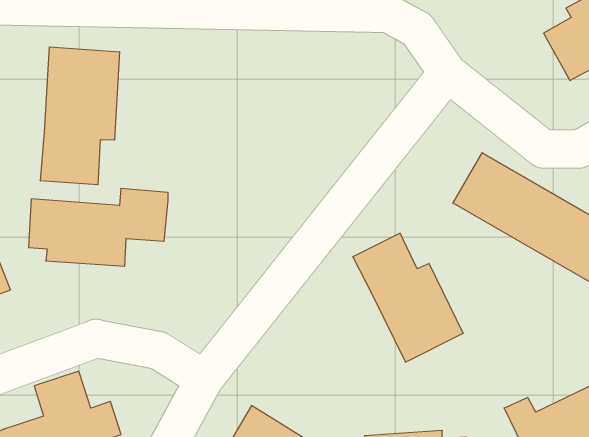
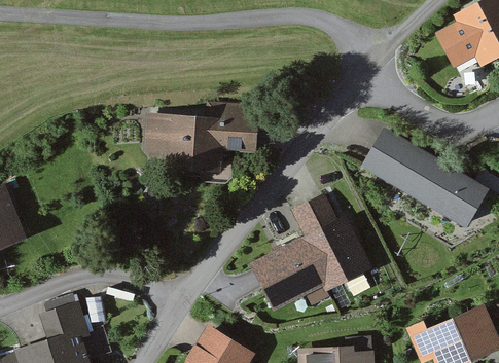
building: [41,47,120,185] -> none
building: [29,188,168,266] -> [141,102,250,162]
building: none -> [252,241,330,312]

